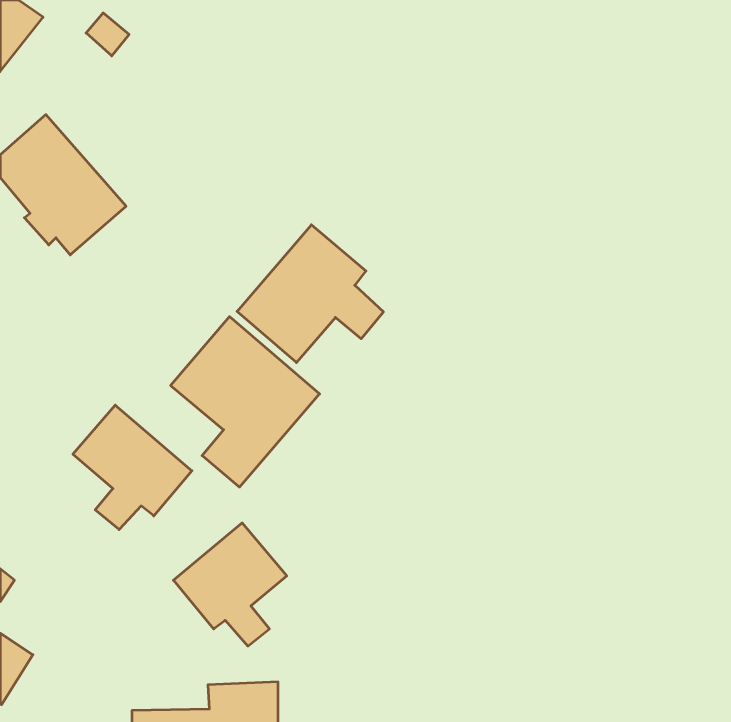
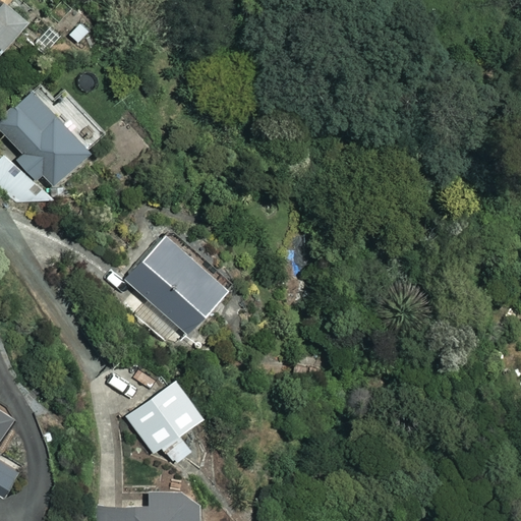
building: [237,225,383,363] -> none
building: [73,405,192,530] -> none

